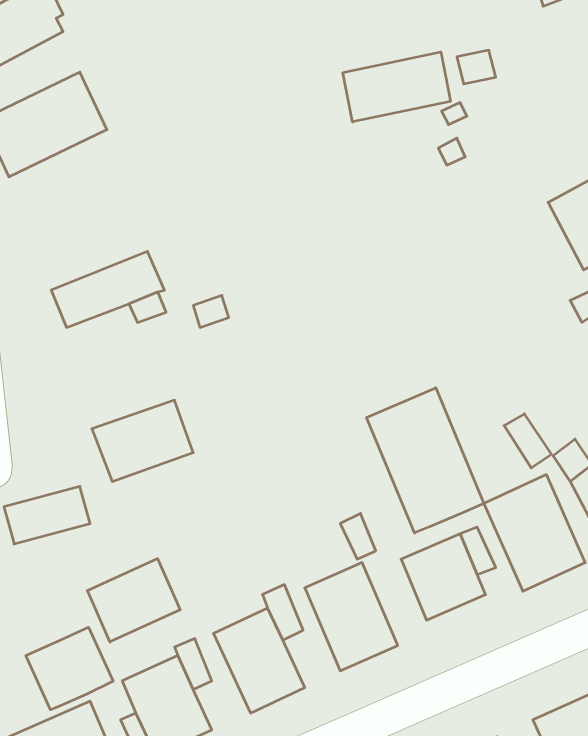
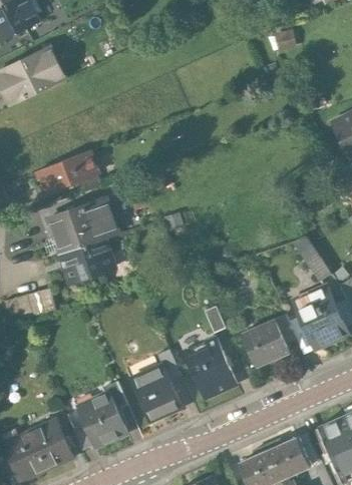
building: [343,52,450,122] -> none
building: none -> [44,197,119,256]
building: [367,388,484,533] -> none
building: [87,559,180,642] -> none
building: [26,627,113,710] -> none

